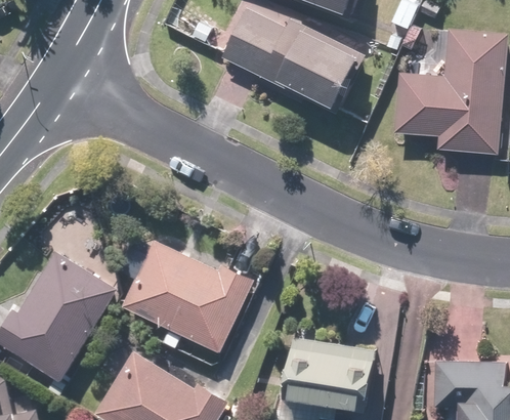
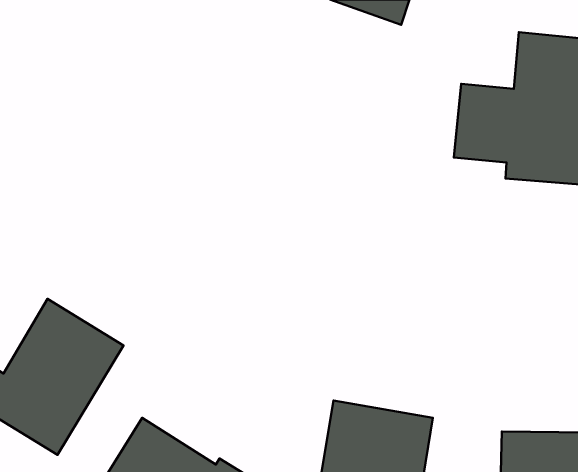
building: [219,8,365,117] -> none
building: [120,240,253,353] -> none

